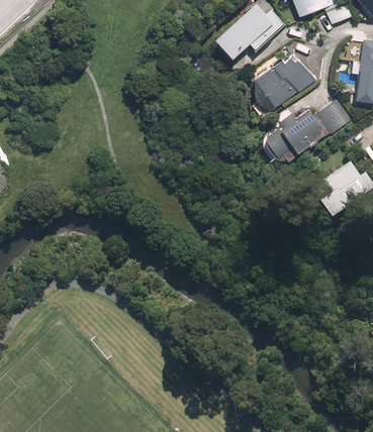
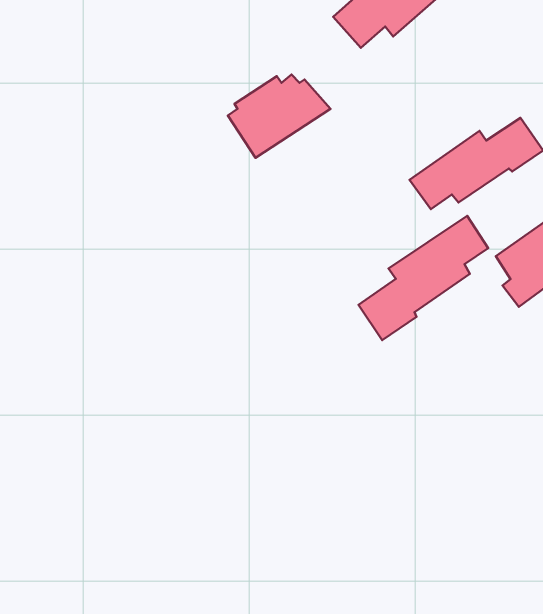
building: [252,59,315,110] -> [228,75,330,158]
building: none -> [358,216,488,340]

